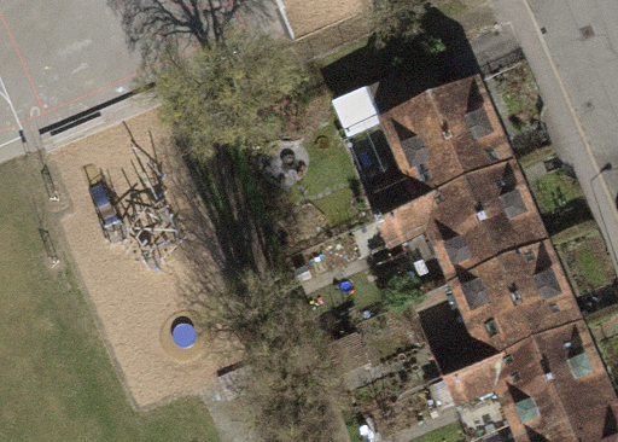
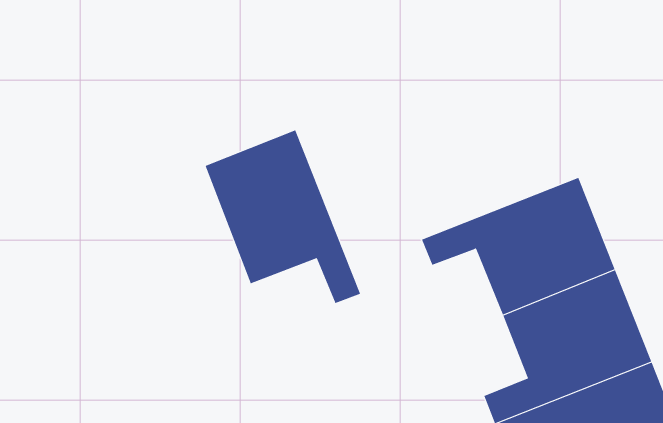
building: [375,86,525,235] -> none
building: none -> [205,130,361,304]

